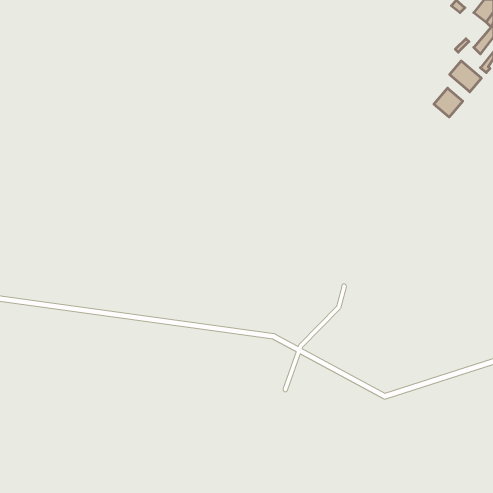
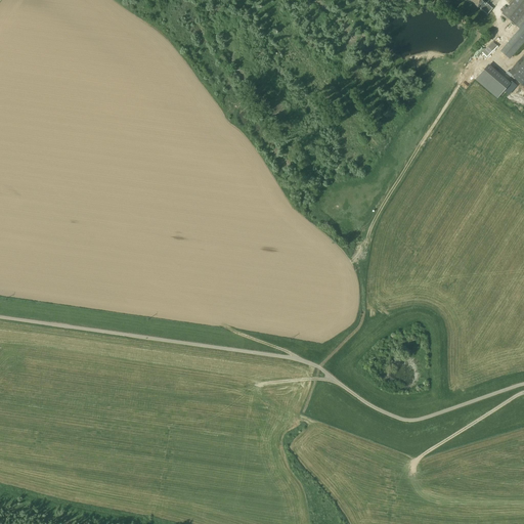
building: [434,88,463,117] -> none

